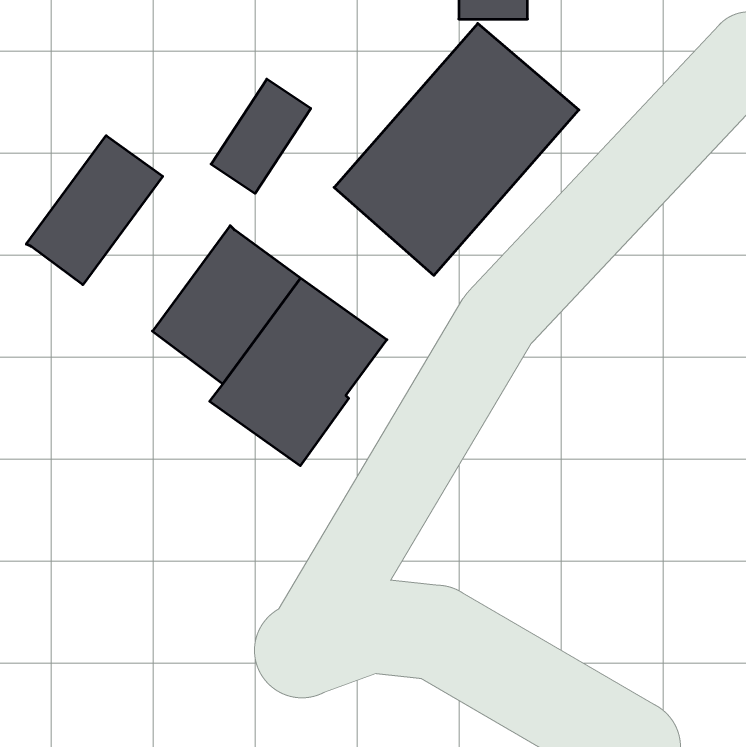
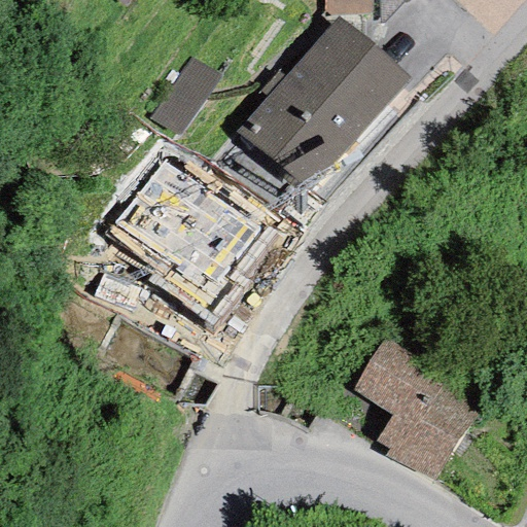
building: [26,136,163,285] -> none
building: none -> [354,328,489,476]

